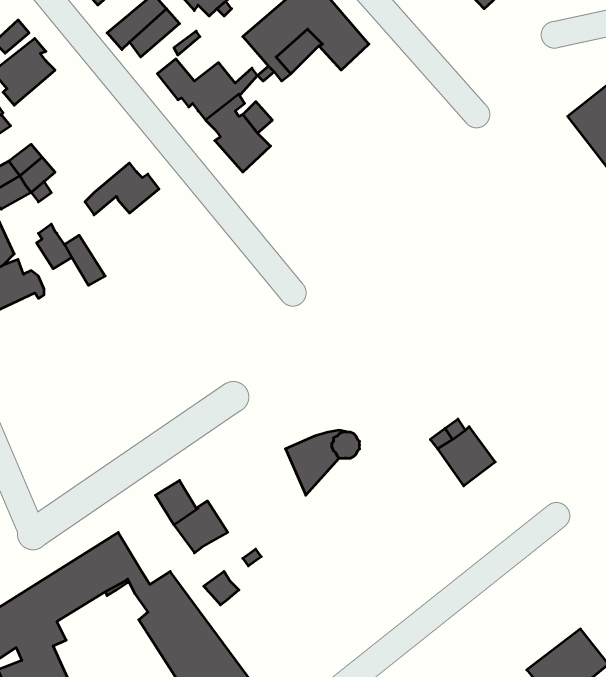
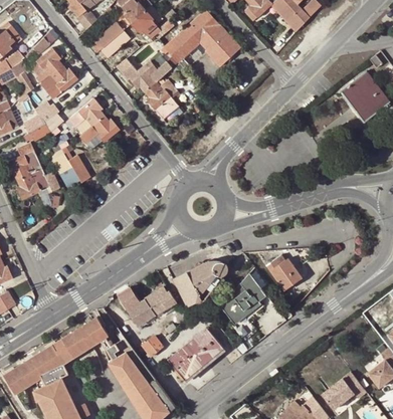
building: none -> [40,65,77,98]
building: none -> [68,98,103,132]
building: none -> [173,270,200,305]
building: none -> [220,274,265,322]
building: none -> [145,287,177,316]
building: none -> [166,329,222,381]

